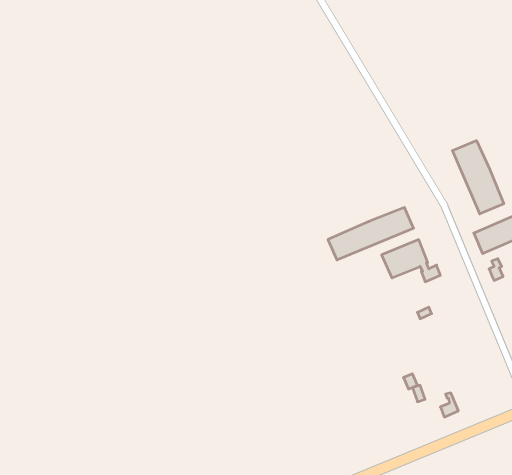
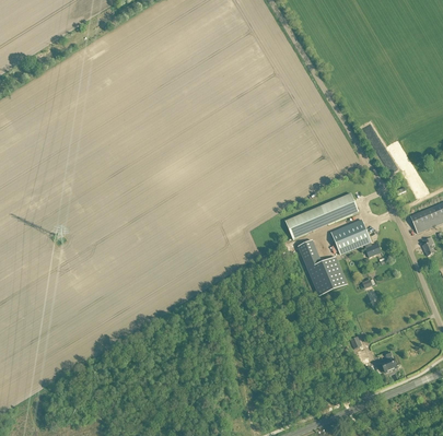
building: [452,141,504,214] -> none
building: none -> [298,240,347,295]

